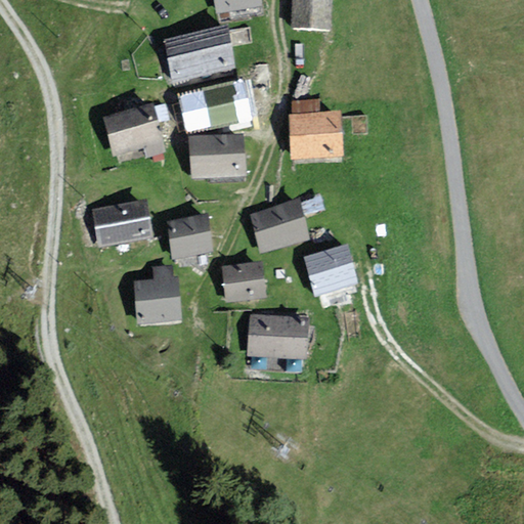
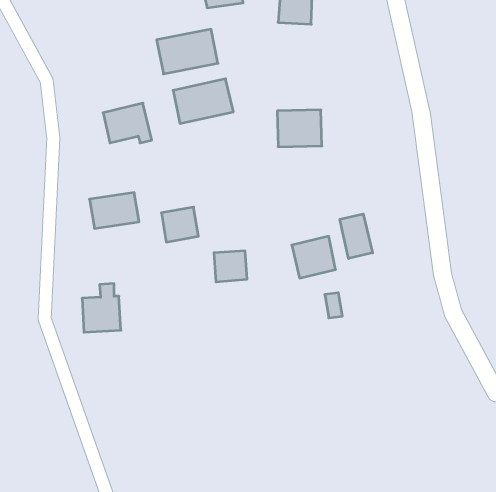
building: [192,138,239,172] -> none
building: [253,203,302,247] -> none
building: none -> [340,214,373,259]
building: [136,267,177,318] -> [82,284,121,332]
building: [249,316,305,356] -> none

